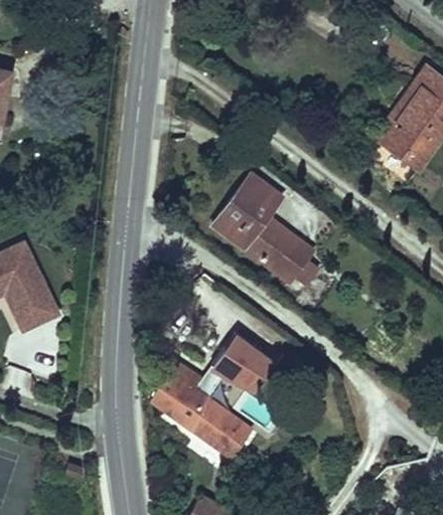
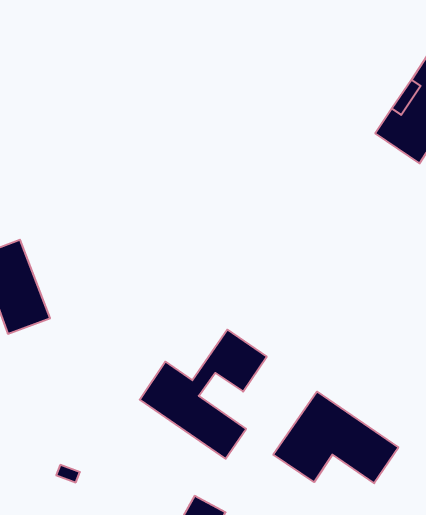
building: [210,175,321,291] -> none
building: none -> [273,392,398,483]

